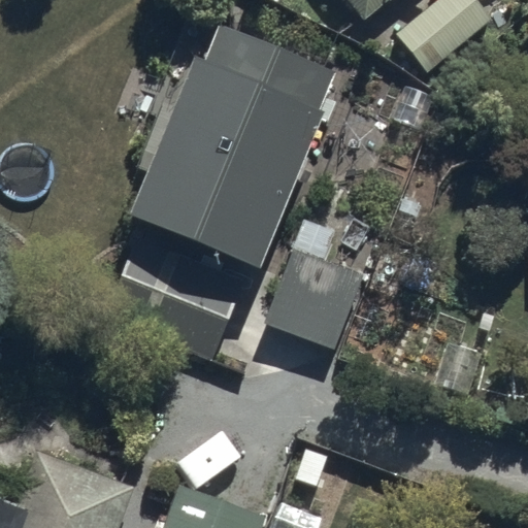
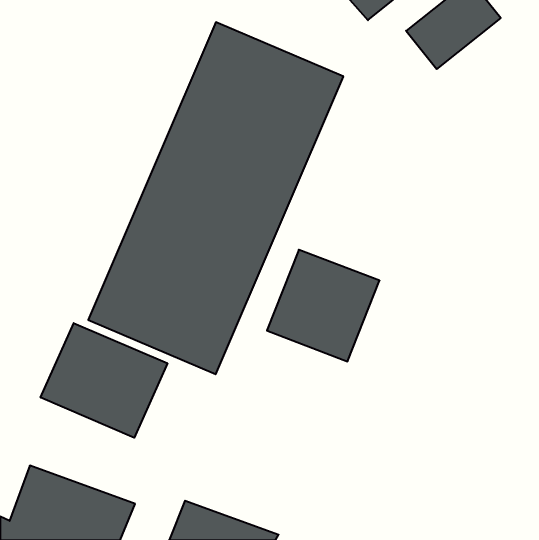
building: none -> [41,323,167,438]

